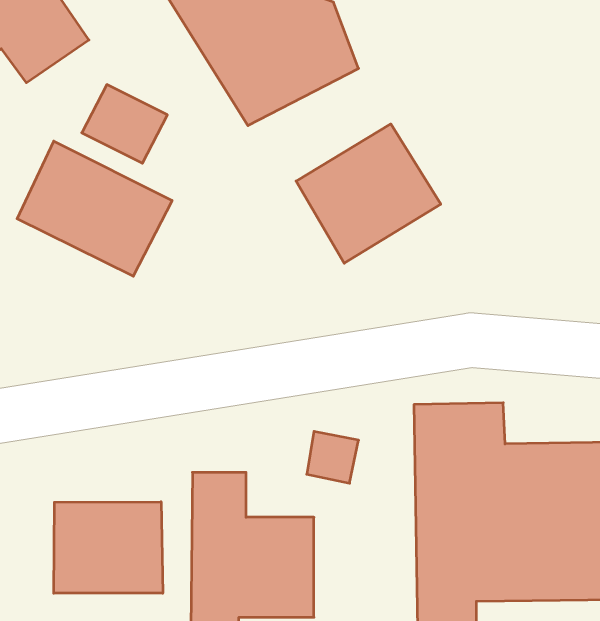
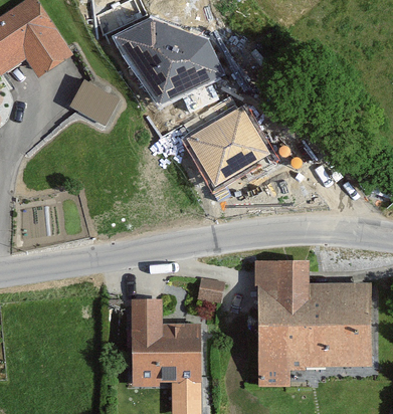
building: [17,141,172,276] -> none
building: [54,502,163,593] -> none

